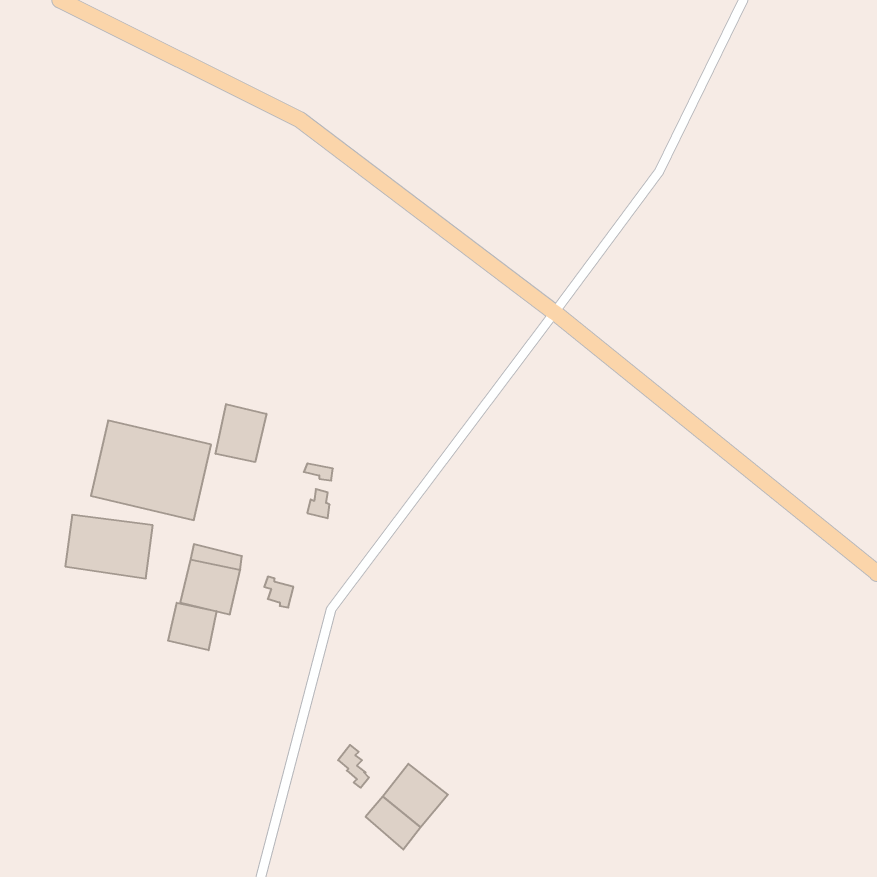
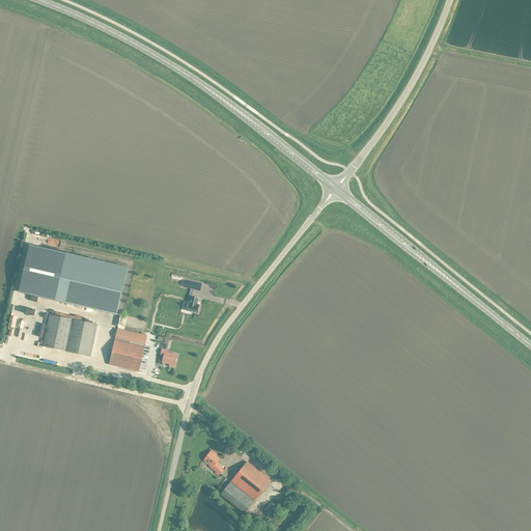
building: [216,404,266,462] -> none
building: none -> [19,246,65,300]
building: [168,603,216,650] -> none

